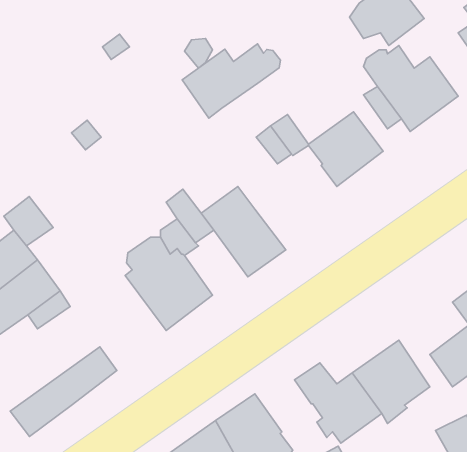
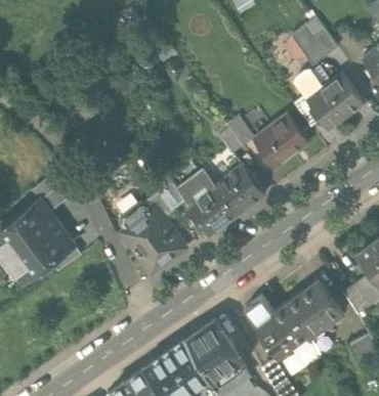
building: [182,44,280,118] -> none
building: none -> [215,165,265,216]
building: [10,347,117,437] -> none

